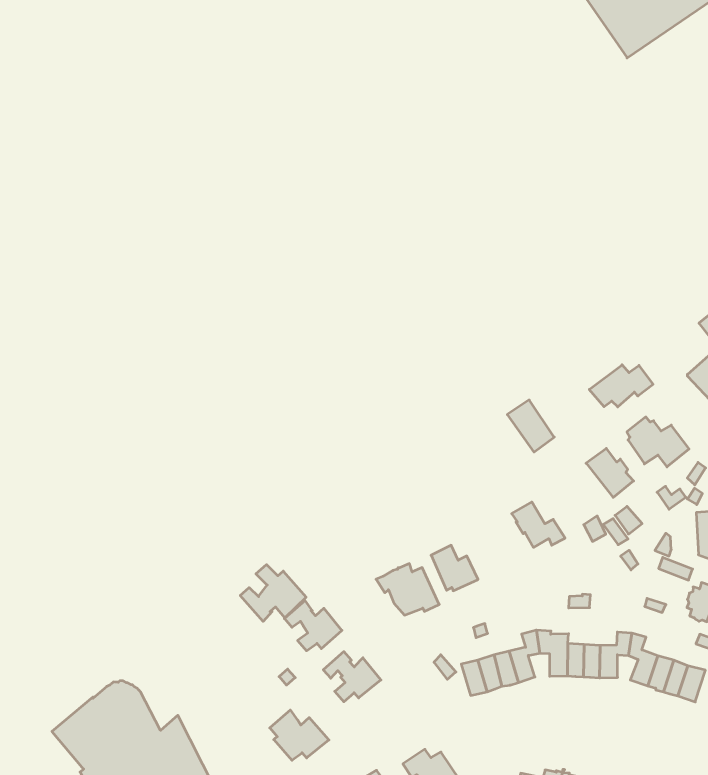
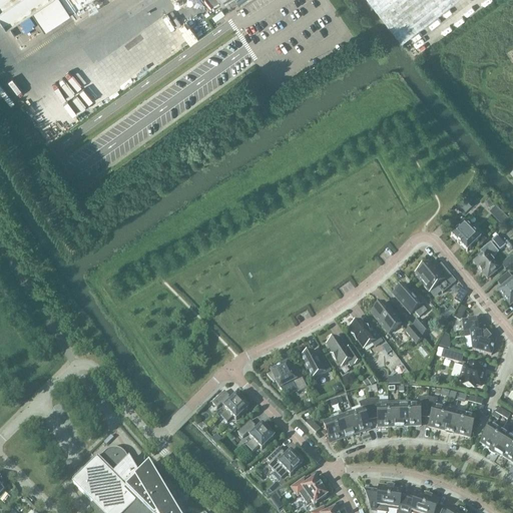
building: [589,365,653,407] -> none
building: [507,400,554,452] -> [371,300,401,332]
building: none -> [327,335,360,364]
building: [240,565,306,621] -> none
building: [270,710,329,760] -> [267,444,304,475]

